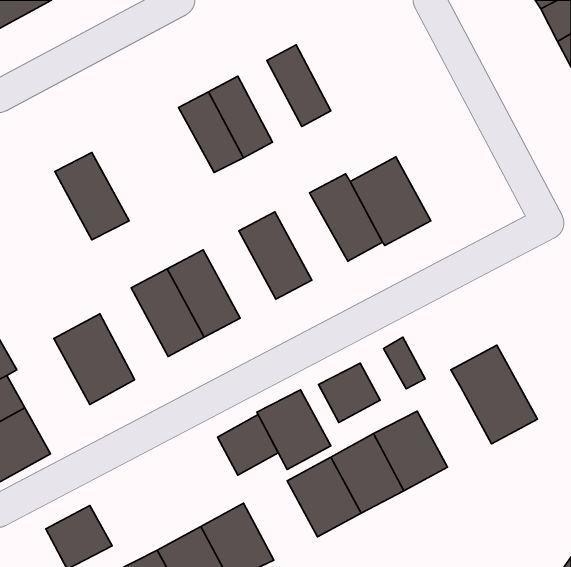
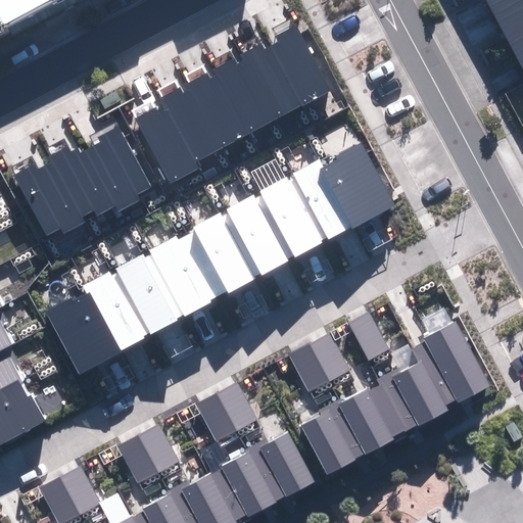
building: none -> [270,32,328,106]
building: none -> [217,60,275,135]
building: none -> [136,103,195,177]
building: none -> [84,126,150,206]
building: none -> [17,161,84,242]
building: none -> [250,181,317,260]
building: none -> [185,216,251,295]
building: none -> [87,268,153,347]
building: none -> [380,359,447,431]
building: [257,390,331,469] -> [222,443,289,516]
building: none -> [121,424,179,481]

